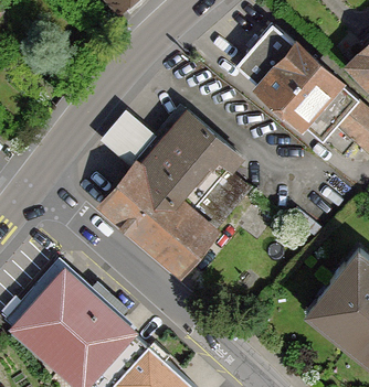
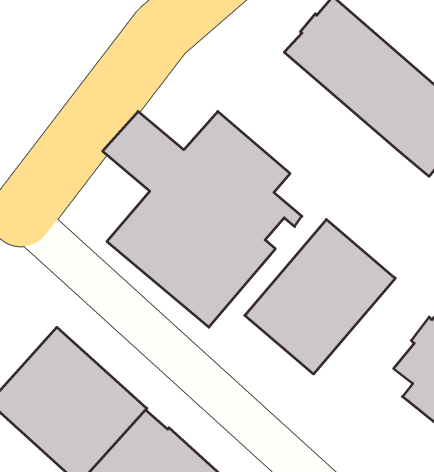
building: none -> [245,219,395,374]

